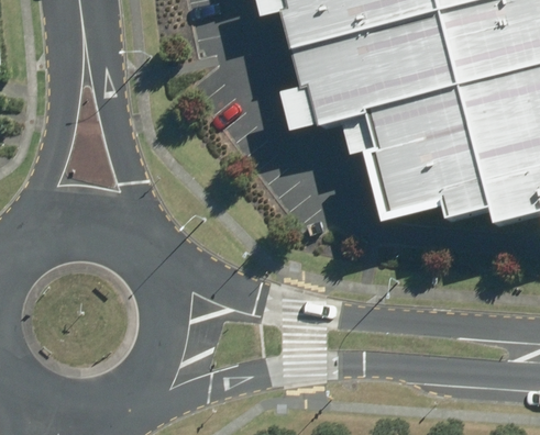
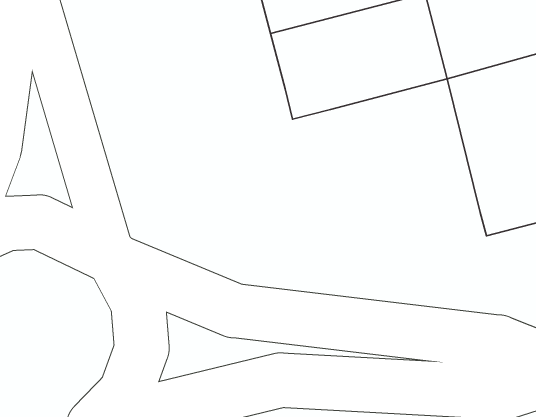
building: [352,89,486,221] -> none

